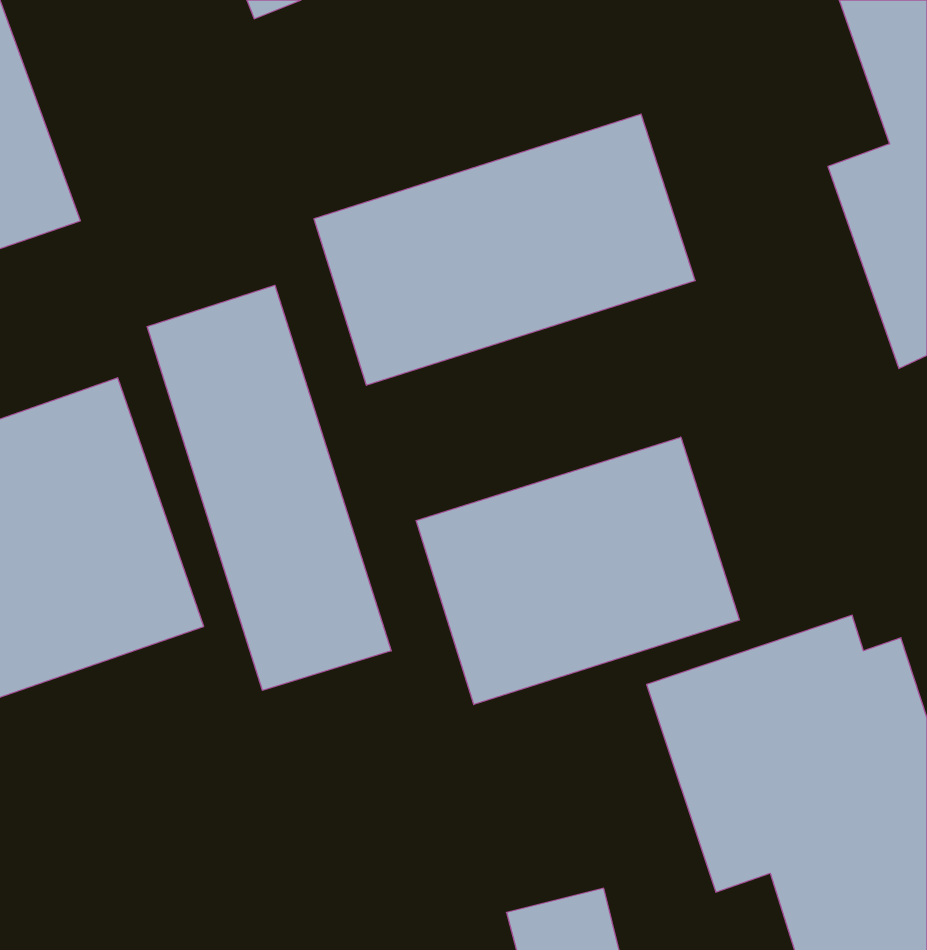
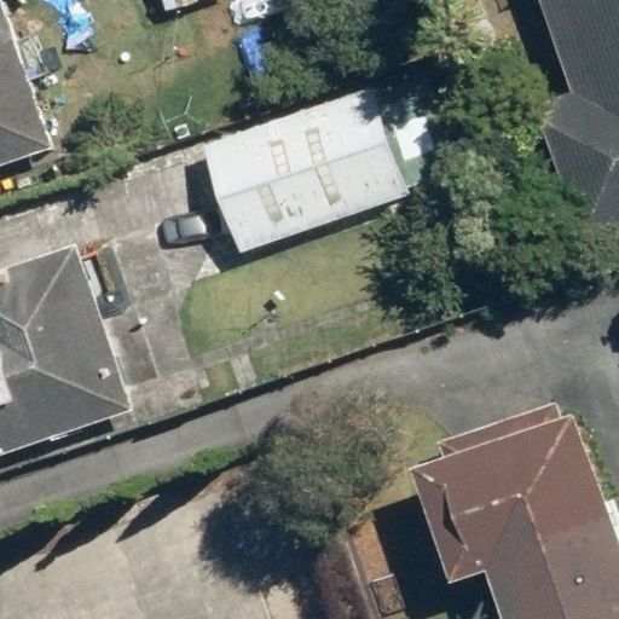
building: [147,285,391,690] -> none
building: [416,437,739,705] -> none

